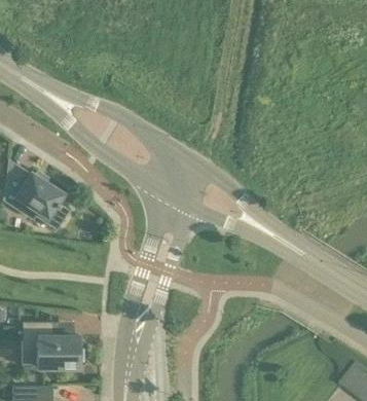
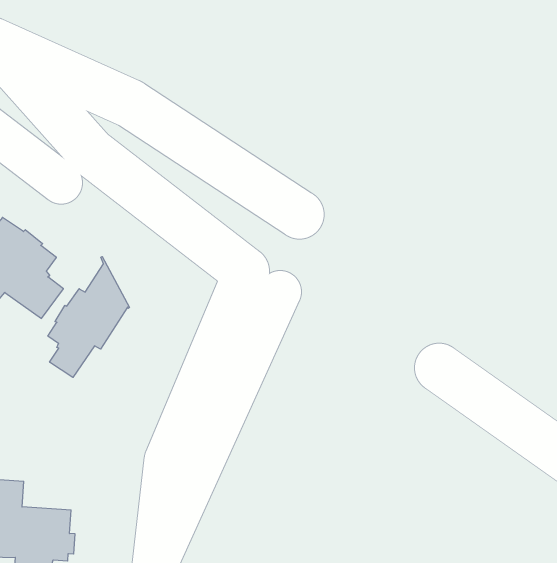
building: none -> [48,257,129,377]

